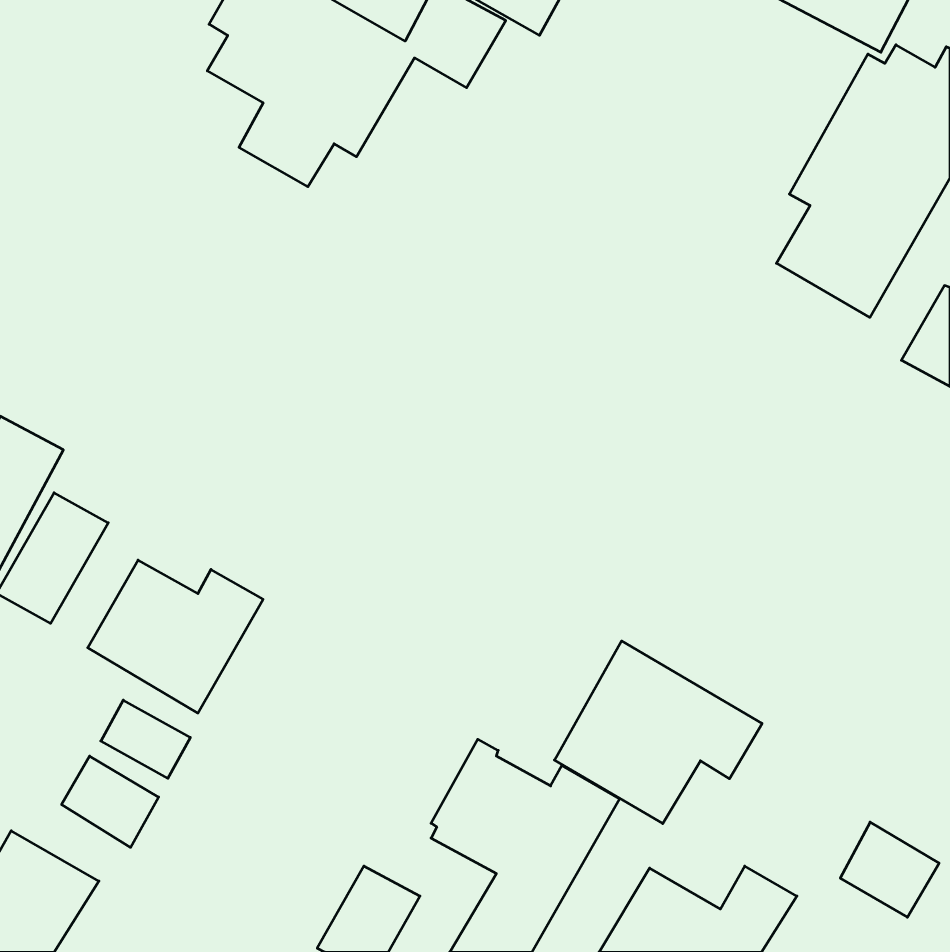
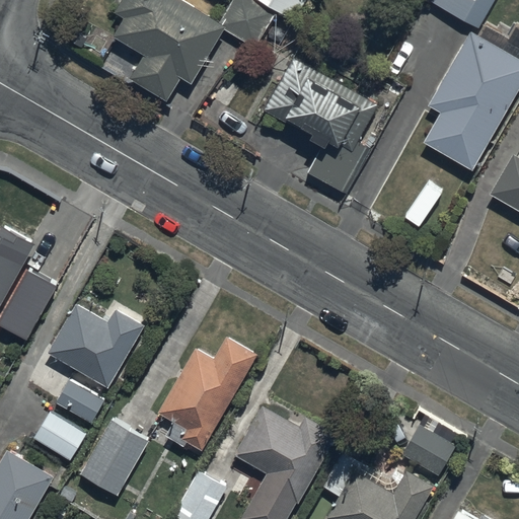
building: none -> [263,57,378,194]
building: none -> [157,337,257,450]
building: [554,641,762,824] -> none
building: none -> [79,419,149,496]
building: [840,822,939,917] -> [401,424,455,475]

